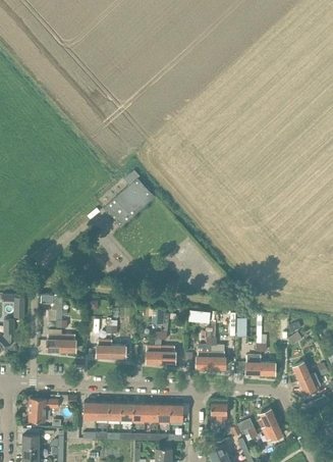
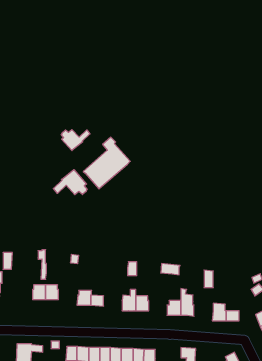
building: none -> [61,130,90,151]
building: none -> [53,170,87,195]

